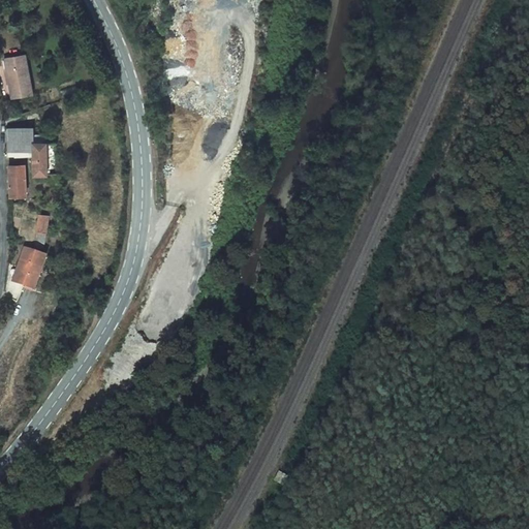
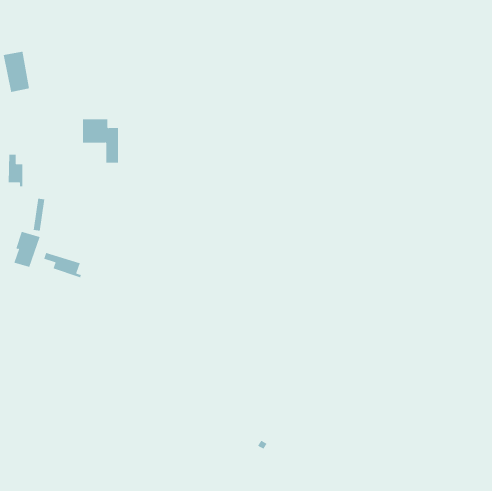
building: [7,129,46,177] -> [82,119,119,163]
building: none -> [43,252,81,278]

